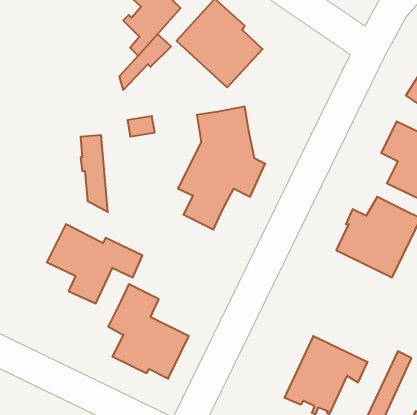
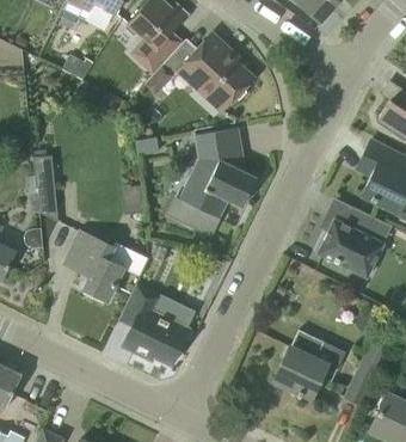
building: [81,135,108,212] -> [33,155,57,222]

